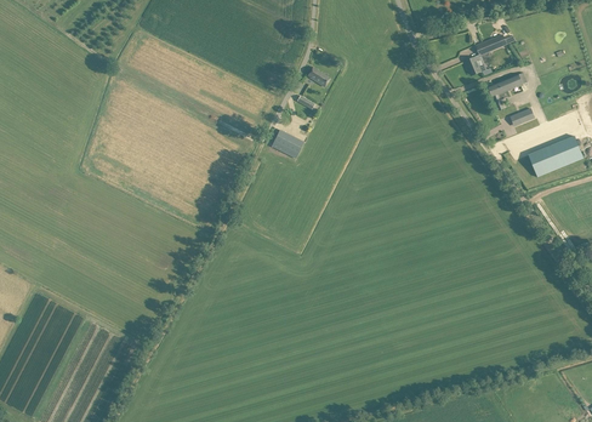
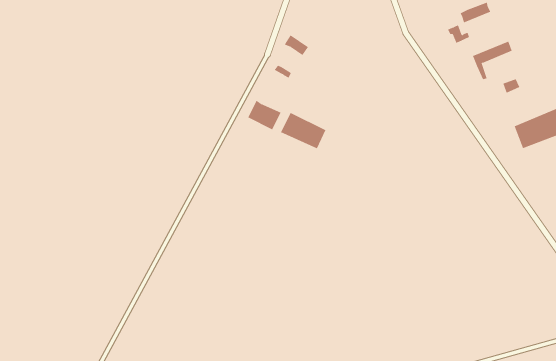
building: none -> [280,112,326,149]

